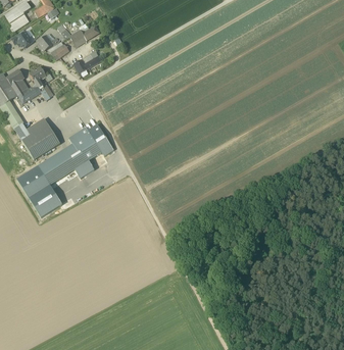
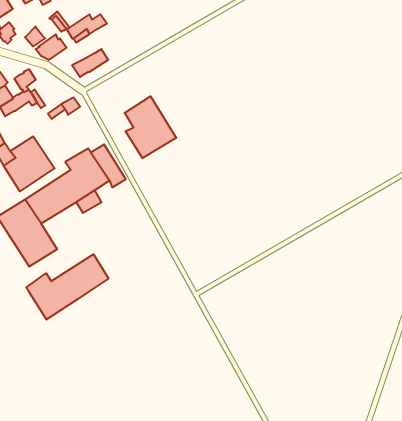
building: none -> [125,96,176,158]
building: none -> [26,254,108,320]

